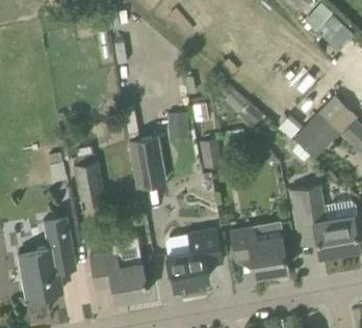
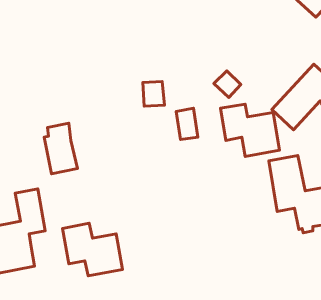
building: [130,136,166,188] -> none
building: [231,225,288,276] -> [220,104,280,157]
building: [165,230,223,291] -> none

